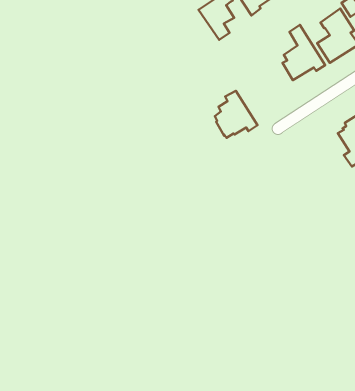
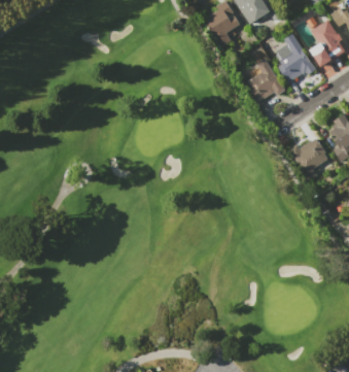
building: [215,91,258,138] -> [247,59,285,101]
building: none -> [288,138,328,181]

